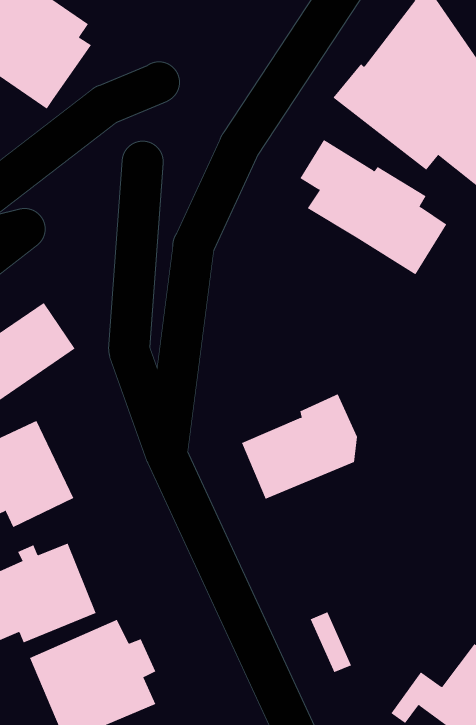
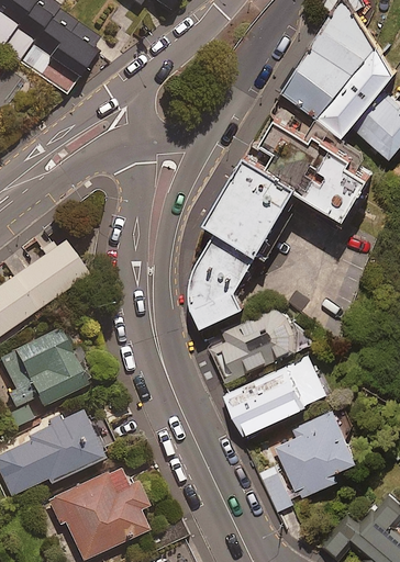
building: none -> [185,158,296,325]
building: none -> [226,357,327,439]
building: none -> [276,411,360,499]

